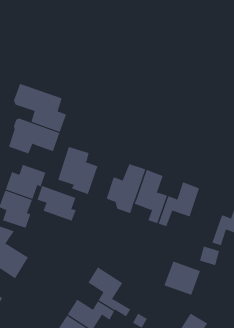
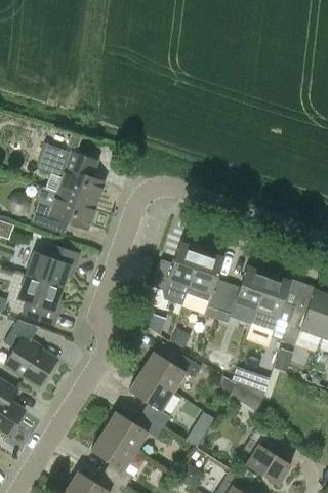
building: [57,146,98,195] -> none
building: [37,185,76,222] -> none
building: none -> [252,274,295,341]
building: none -> [141,352,201,392]

